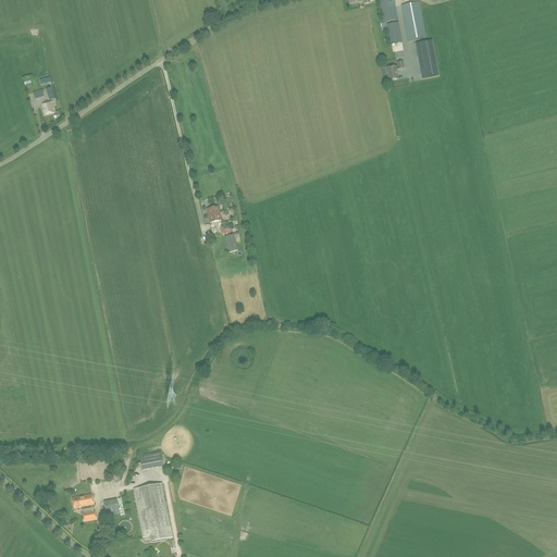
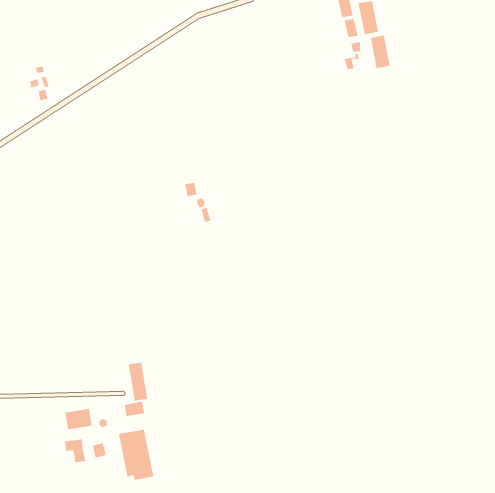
building: none -> [128,362,148,402]
building: none -> [65,408,92,430]

